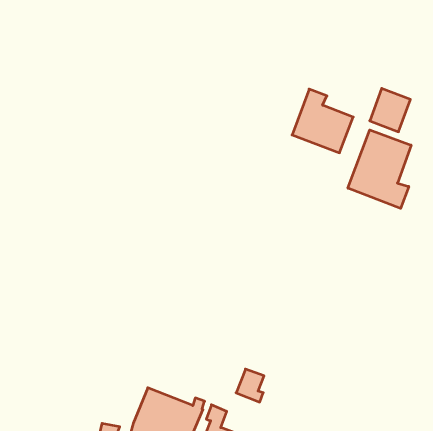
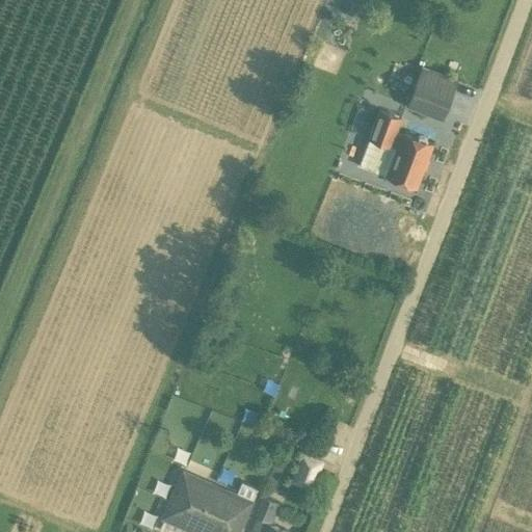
building: [370,88,410,132] -> [407,69,457,122]
building: [348,130,411,208] -> none

